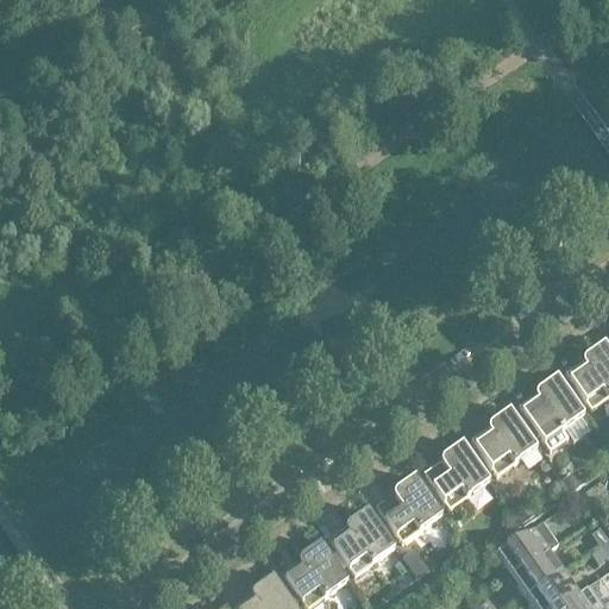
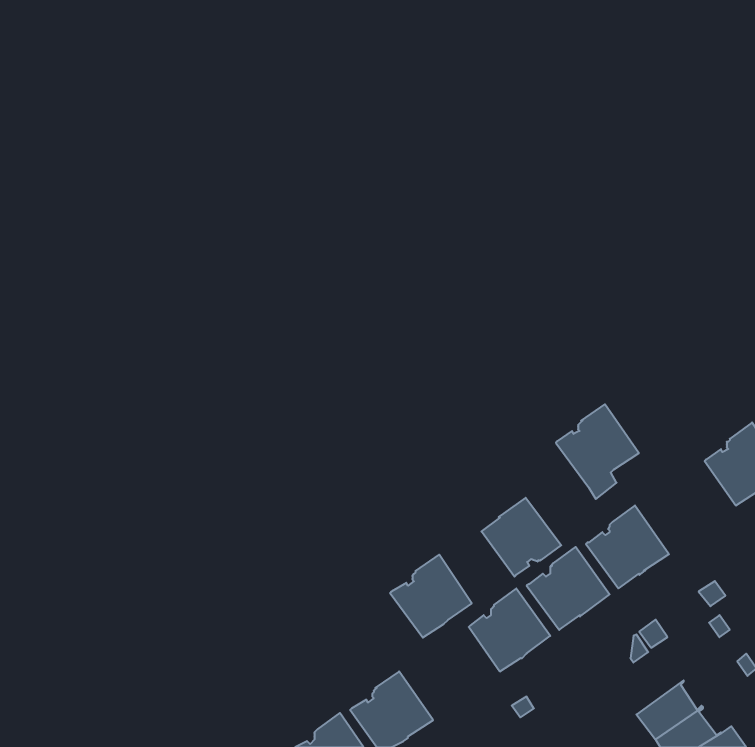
building: [520,372,586,448] -> [556,404,639,499]
building: none -> [481,498,561,577]
building: [331,506,396,572] -> [390,555,472,638]
building: [498,519,559,573] -> none

